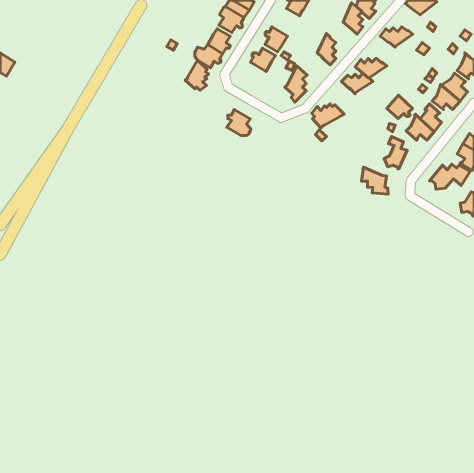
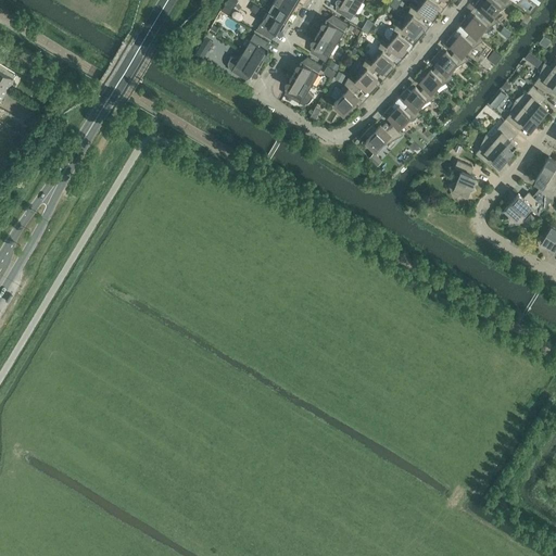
building: none -> [460,13,497,37]
building: none -> [318,15,348,43]
building: none -> [384,23,409,60]
building: none -> [431,51,468,75]
building: none -> [355,58,378,94]
building: [185,60,208,90] -> none
building: none -> [383,104,421,128]
building: [387,95,413,119] -> none
building: [227,109,251,135] -> [285,74,313,104]
building: [362,167,388,194] -> none

